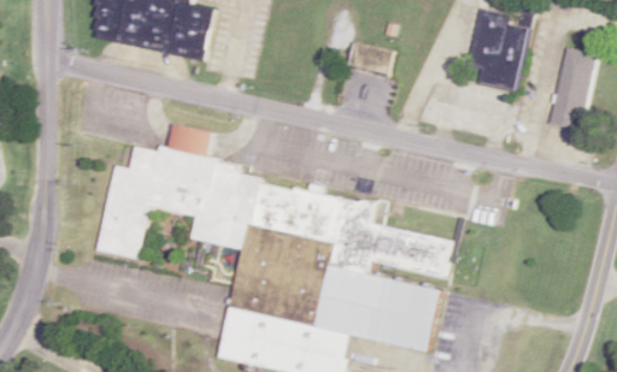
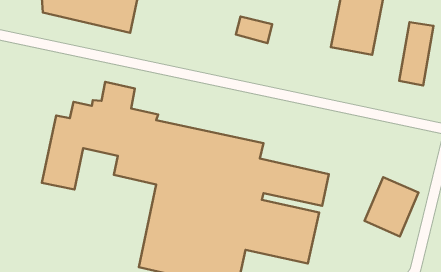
building: none -> [364,177,419,236]

